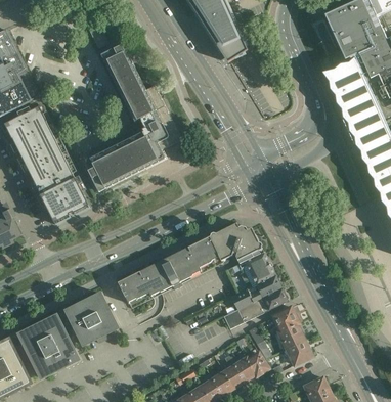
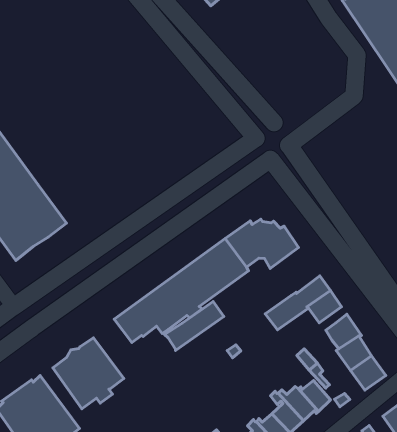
building: [86,45,181,191] -> none
building: [238,251,275,285] -> none
building: [223,297,269,328] -> [165,301,224,351]

